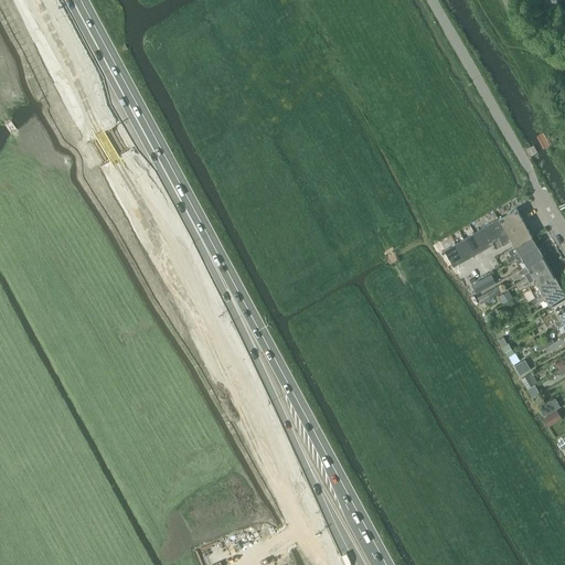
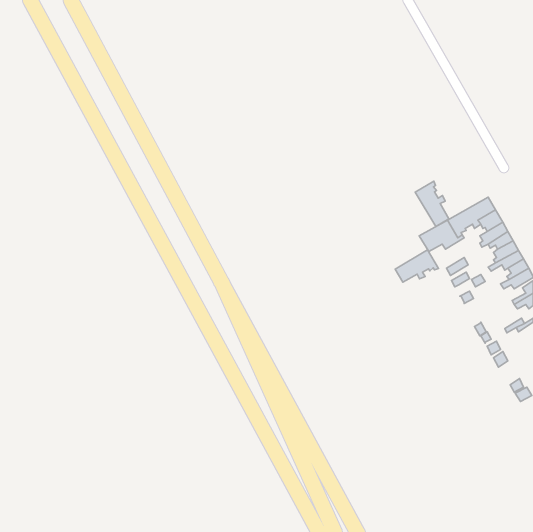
building: none -> [415,181,449,227]
building: none -> [395,250,439,282]

